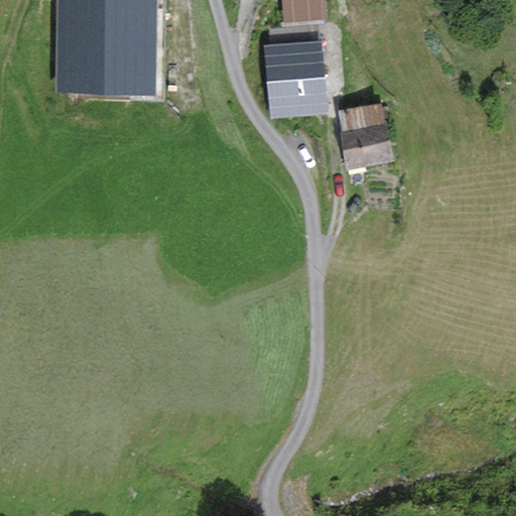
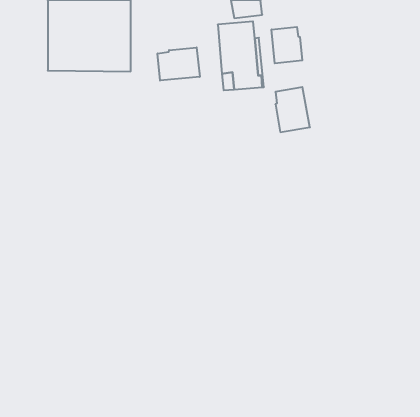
building: none -> [272,27,302,63]
building: none -> [158,47,200,81]

